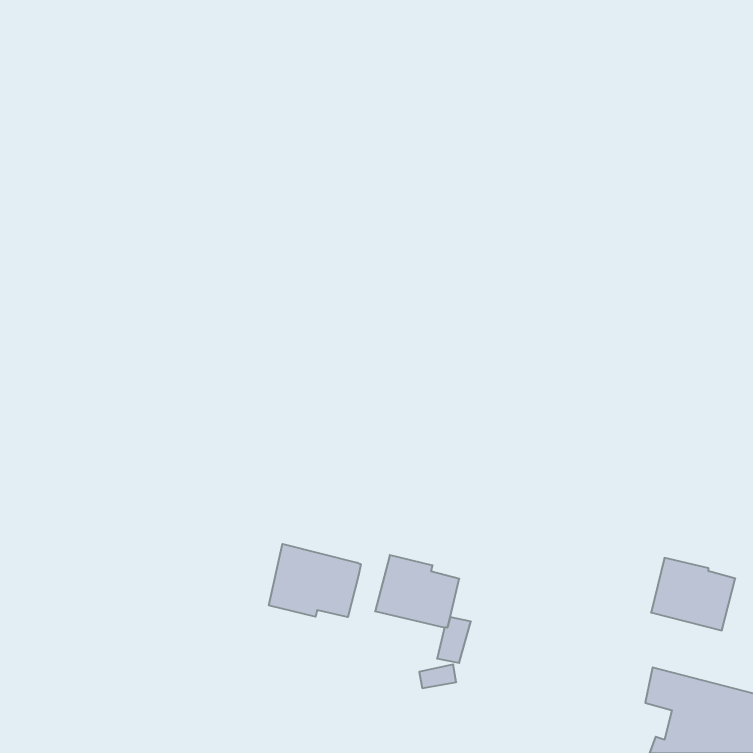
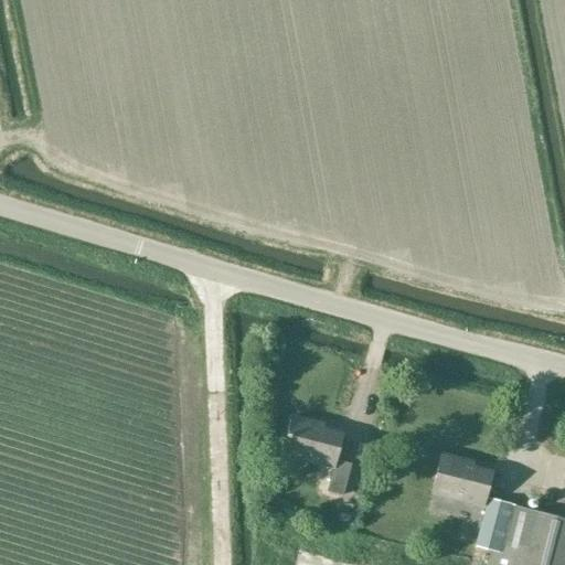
building: [269,544,361,617] -> none
building: [651,558,735,630] -> [431,454,494,508]

